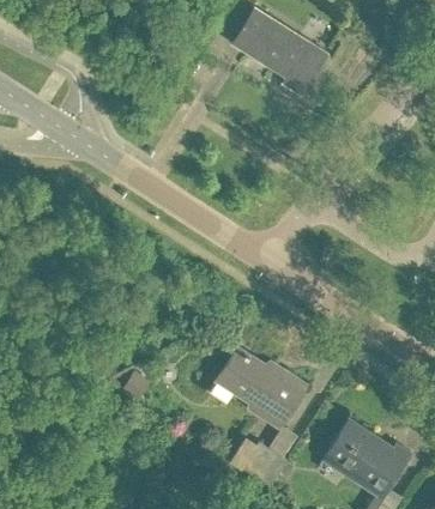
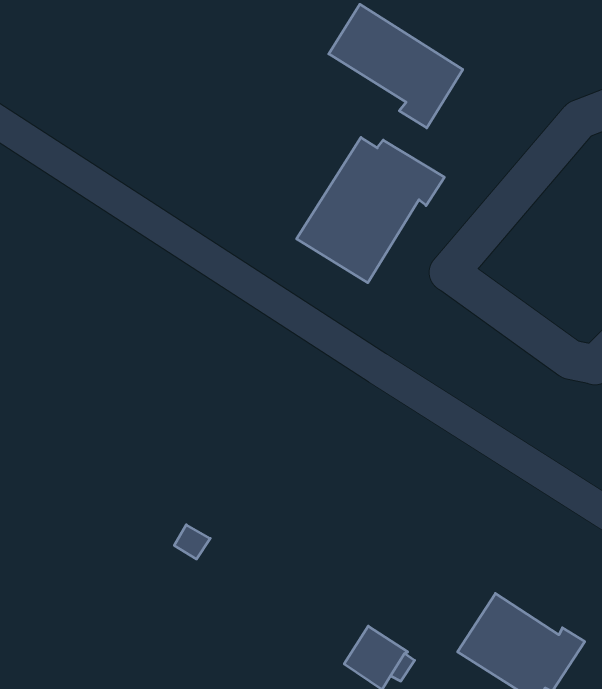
building: none -> [297,137,444,283]
building: [211,347,308,428] -> none

